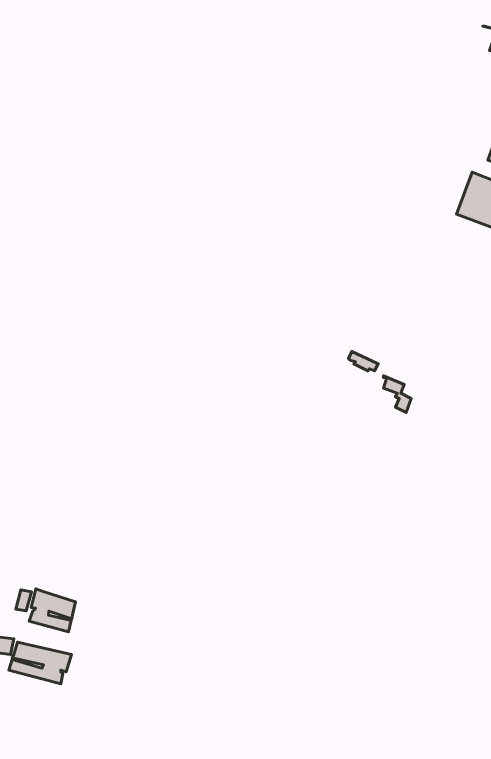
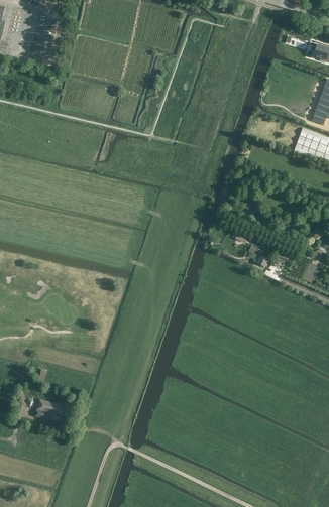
building: [29,589,76,632] -> none

